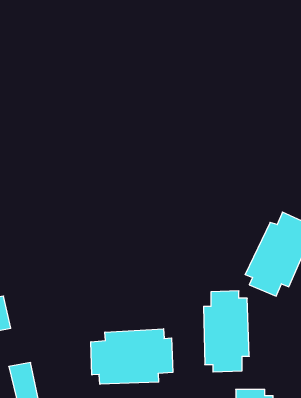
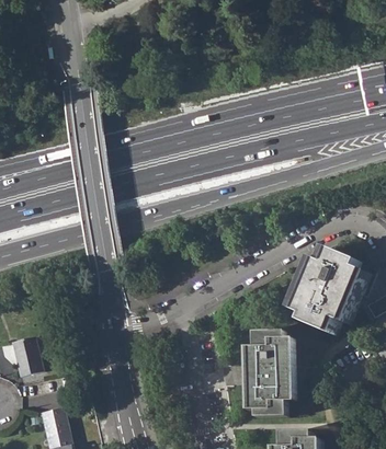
building: [91,329,173,384] -> none

